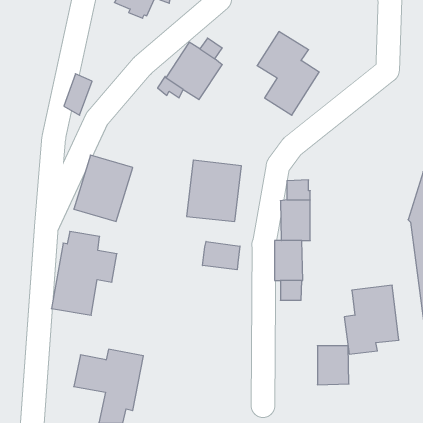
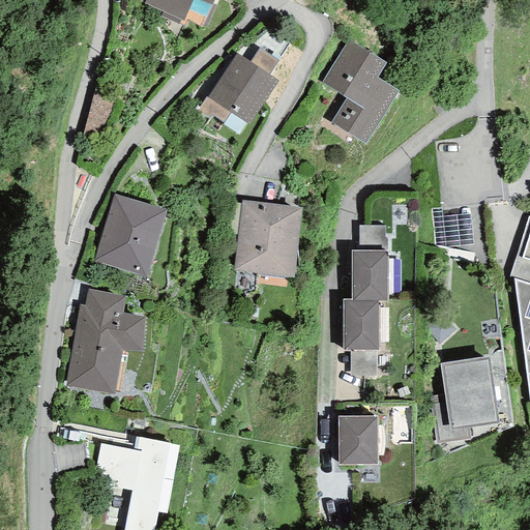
building: [203,241,240,270] -> none
building: [317,346,349,385] -> [338,416,378,465]

